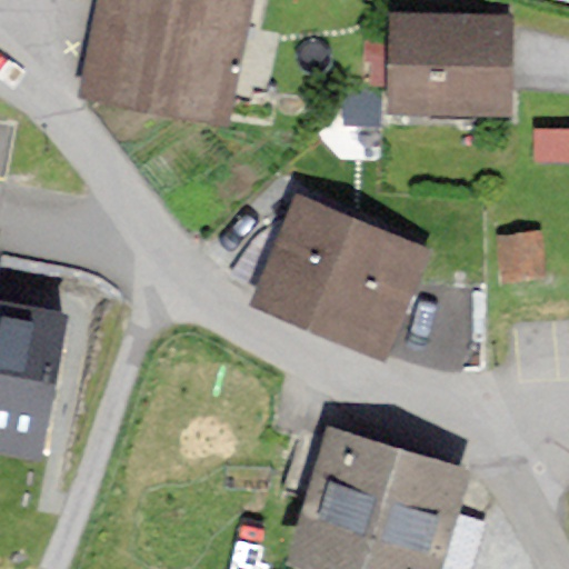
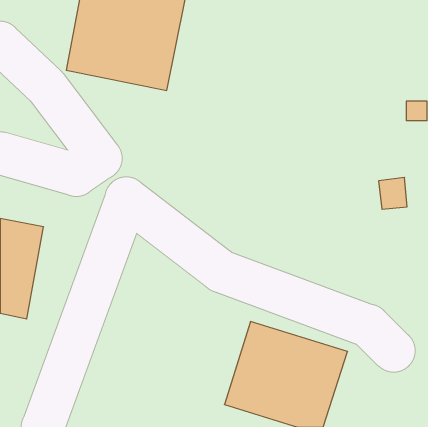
building: [396,22,507,113] -> none
building: [267,212,418,349] -> none

